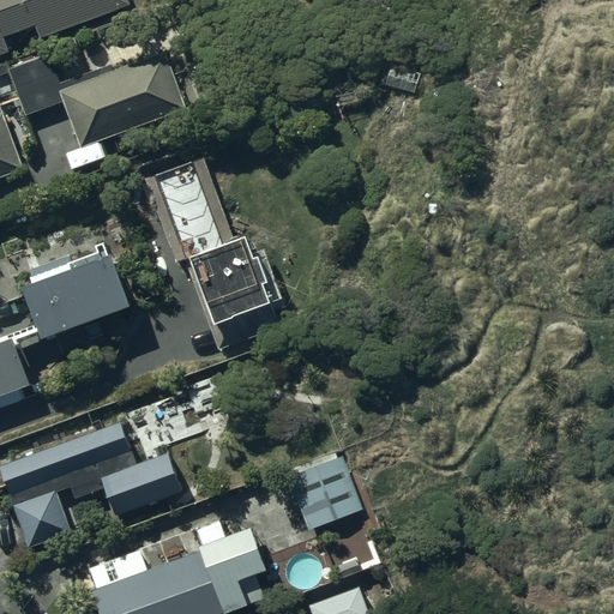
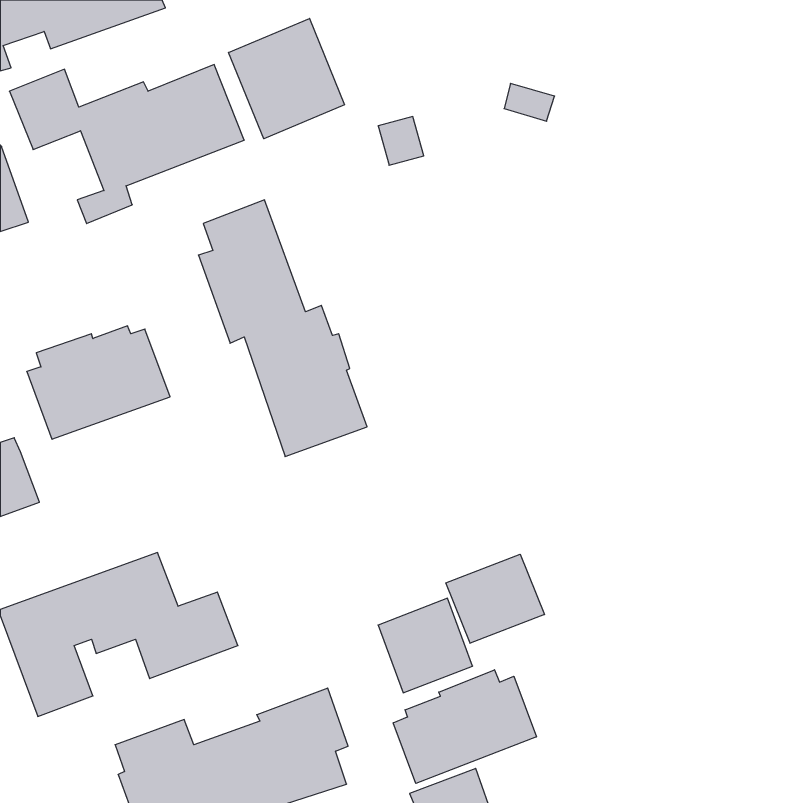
building: none -> [229,18,345,139]
building: none -> [446,554,544,643]
building: none -> [393,670,536,783]

